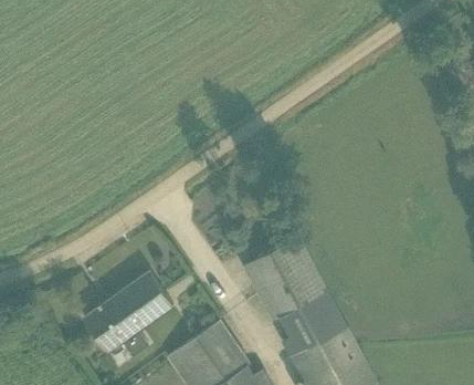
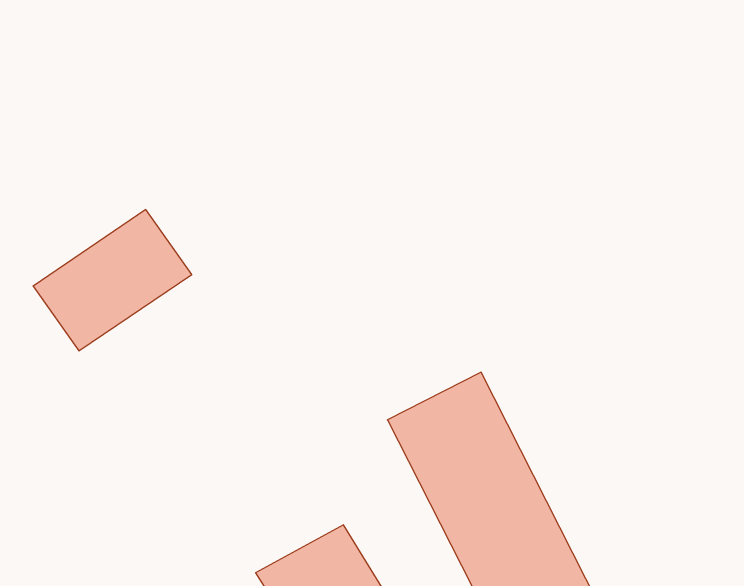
building: [87,266,179,347] -> [33,210,192,351]

